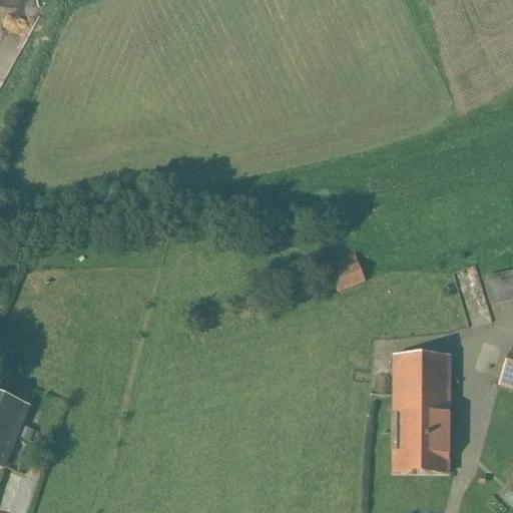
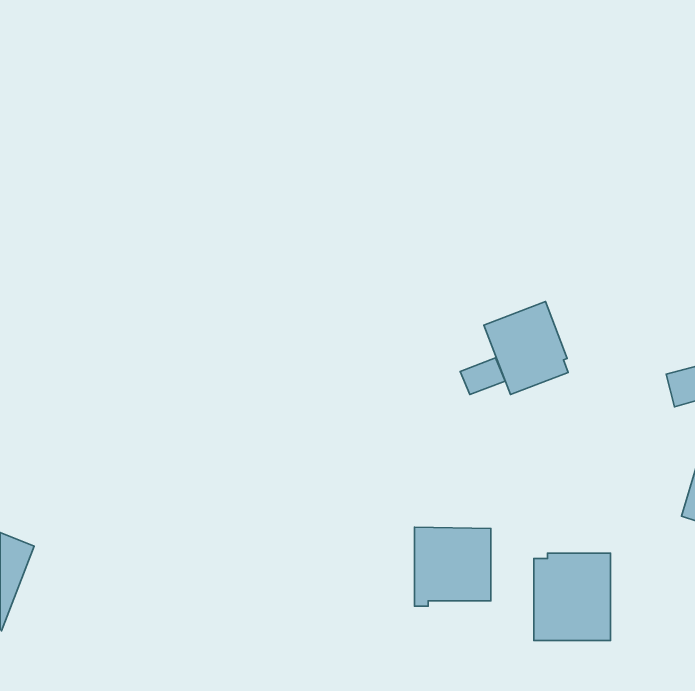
building: none -> [484,301,568,395]
building: [394,352,450,410] -> [414,527,491,606]

